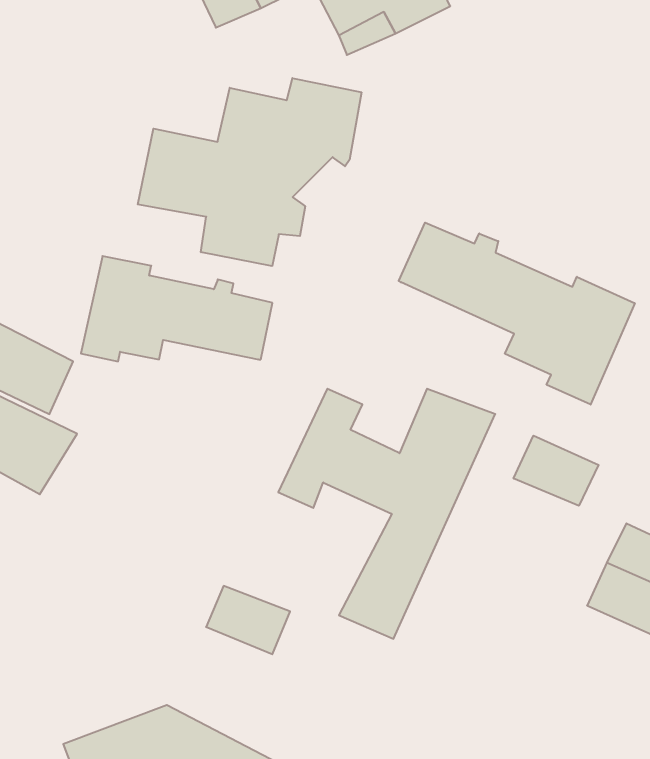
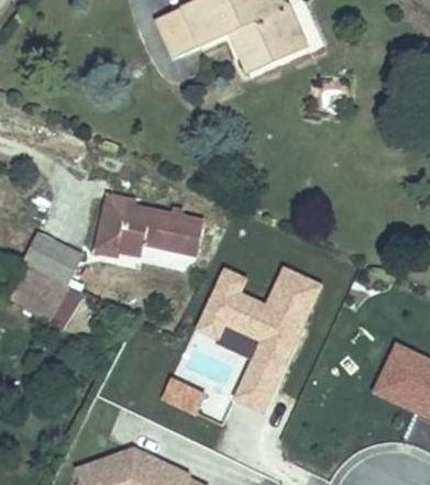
building: [138,78,361,266] -> none
building: [399,223,635,405] -> none
building: [514,436,599,506] -> none

